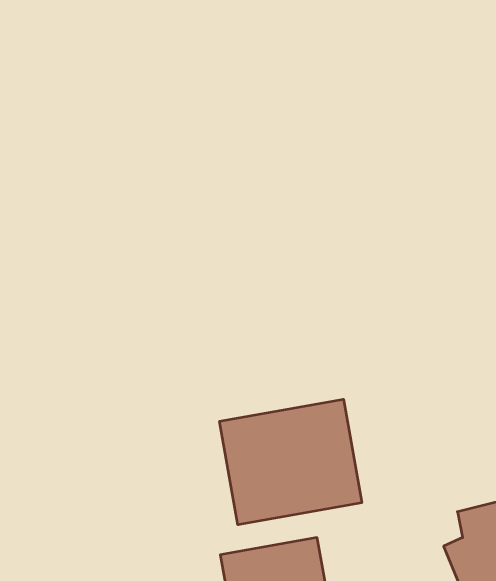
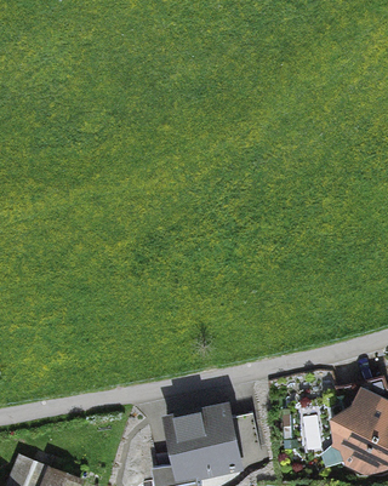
building: [220,399,362,525] -> none

